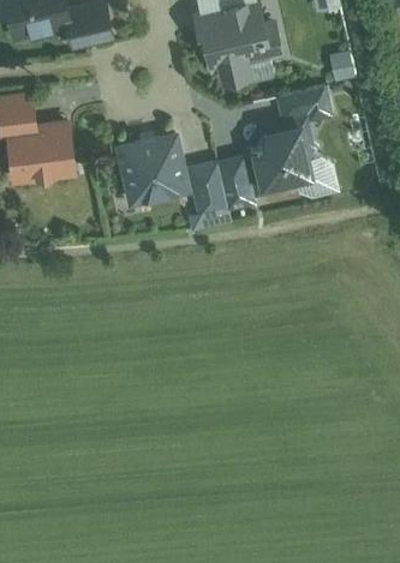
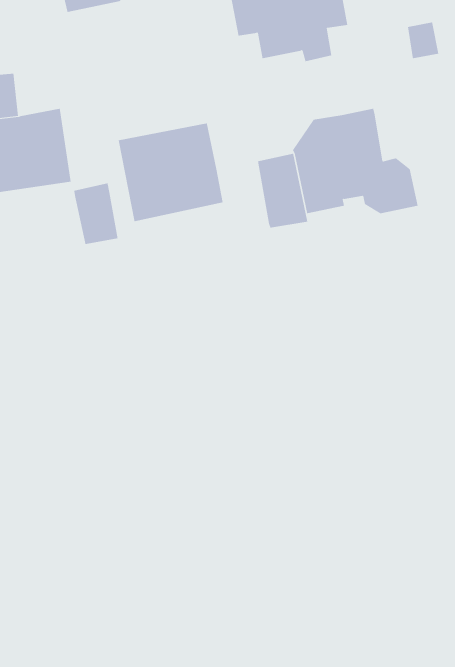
building: [274,84,330,125] -> none
building: [186,160,225,212] -> none
building: none -> [74,182,118,245]

